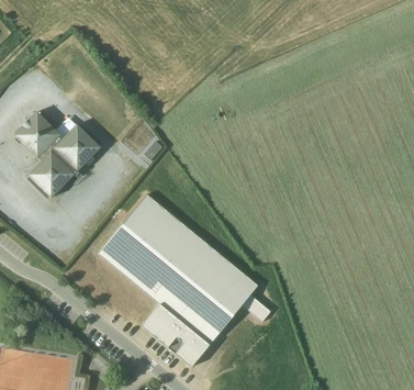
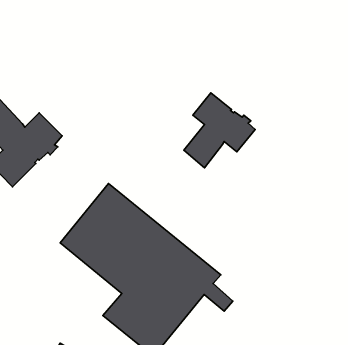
building: none -> [184,93,255,168]

